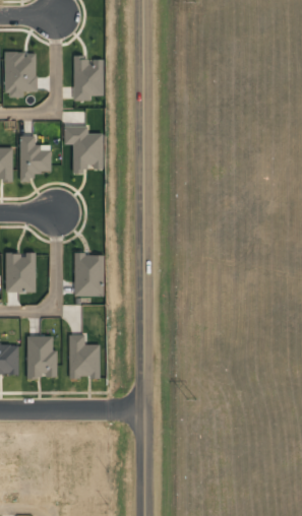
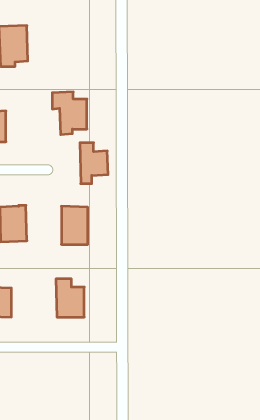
building: [73,55,104,100] -> none
building: [19,135,51,181] -> [80,143,108,184]
building: [26,335,56,377] -> none

